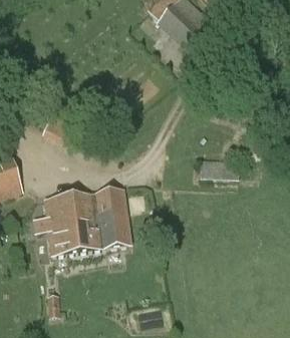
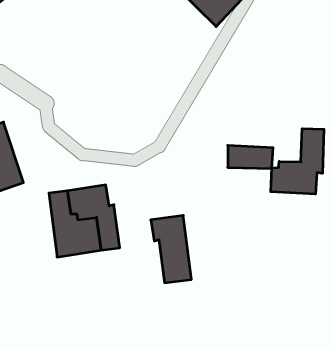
building: none -> [271,129,324,194]
building: [94,189,129,247] -> [151,215,191,283]

